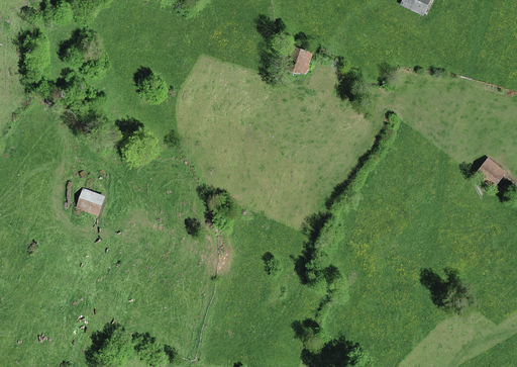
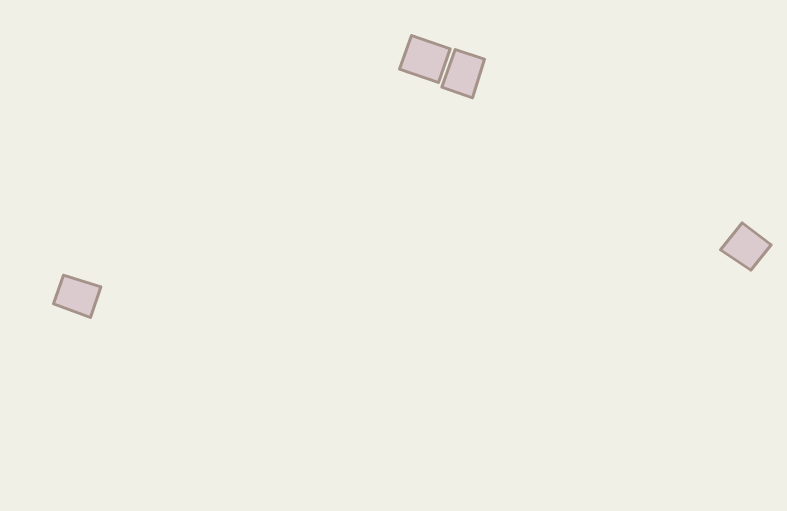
building: none -> [442,50,485,98]

